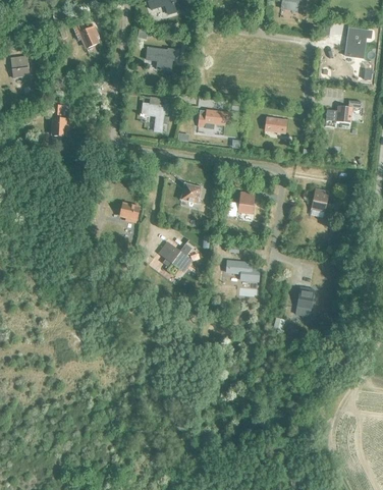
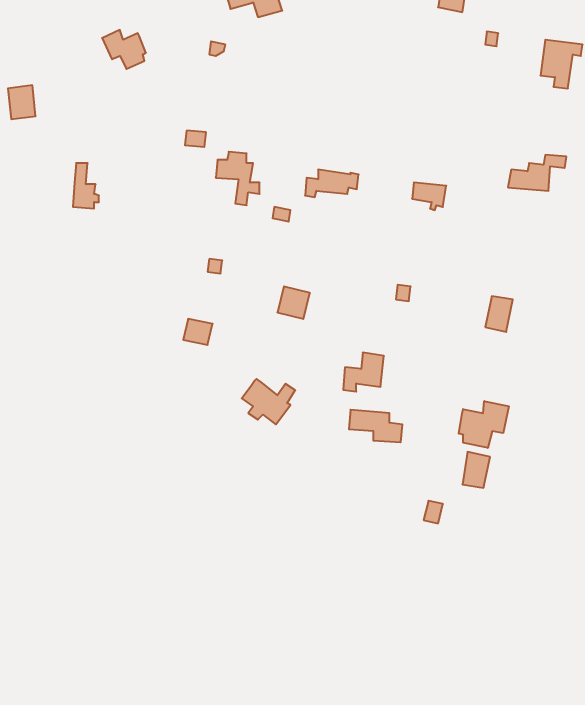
building: [146,48,175,71] -> none
building: [228,193,254,217] -> [343,353,384,392]
building: none -> [459,401,509,448]

